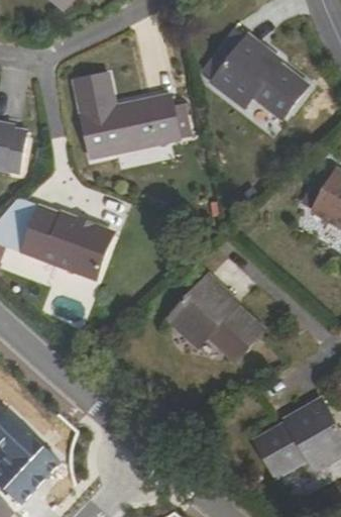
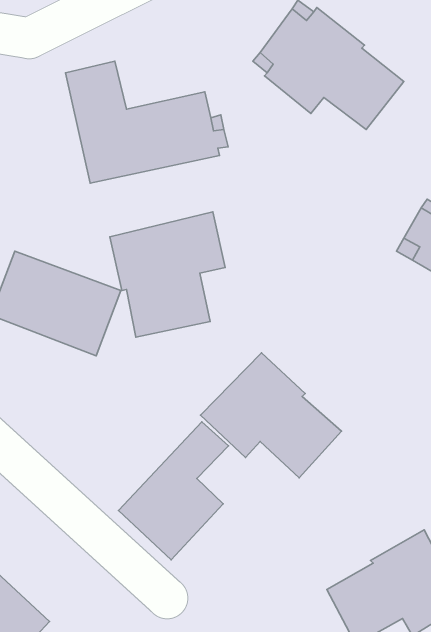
building: none -> [110,212,225,337]
building: none -> [118,422,228,560]

